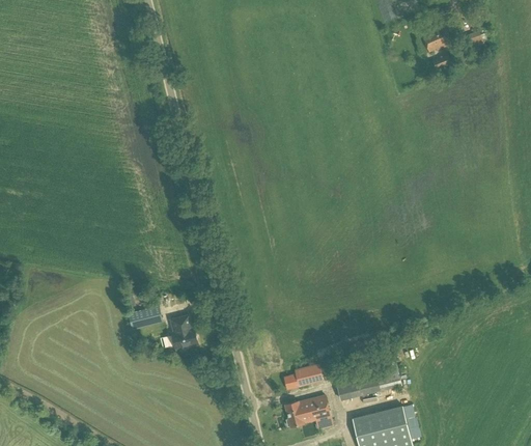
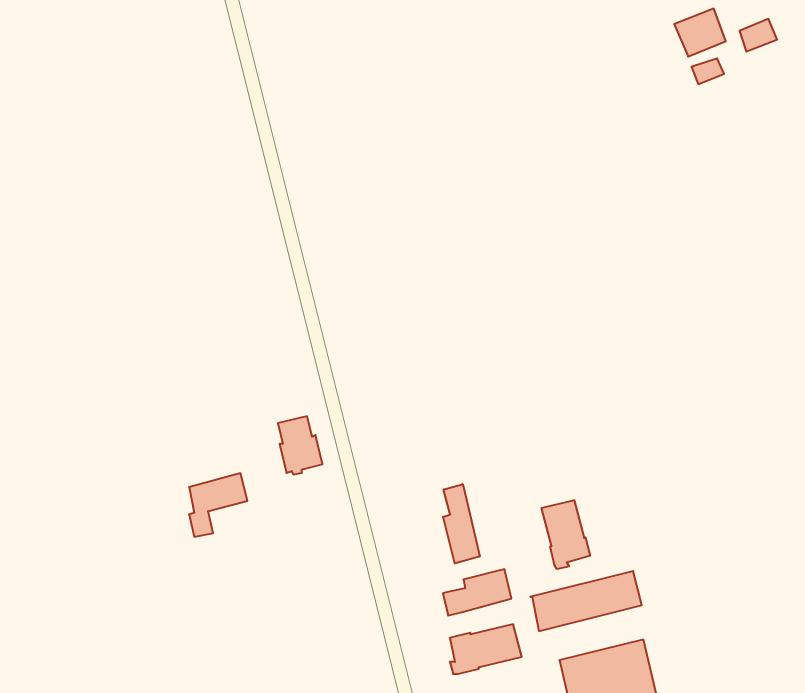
building: none -> [443,484,480,563]
building: [171,315,198,351] -> [278,416,322,475]
building: none -> [542,500,590,569]

